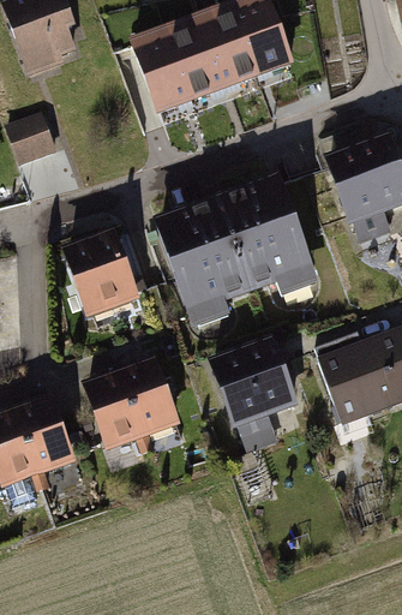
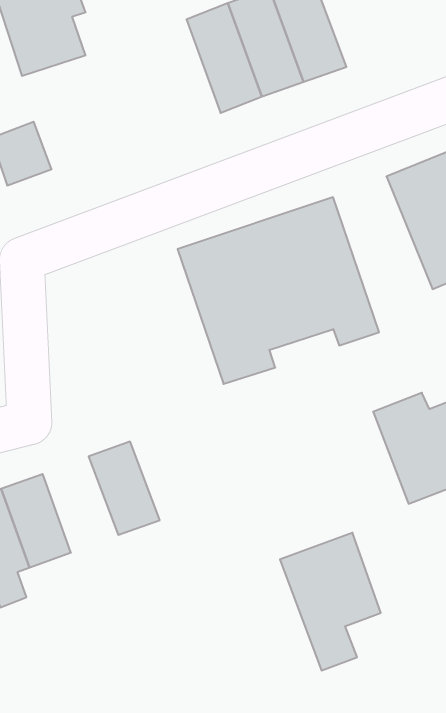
building: [130,29,191,117] -> none
building: [64,225,143,314] -> none
building: [211,339,293,450] -> [280,533,381,670]
building: [118,359,175,435] -> none

